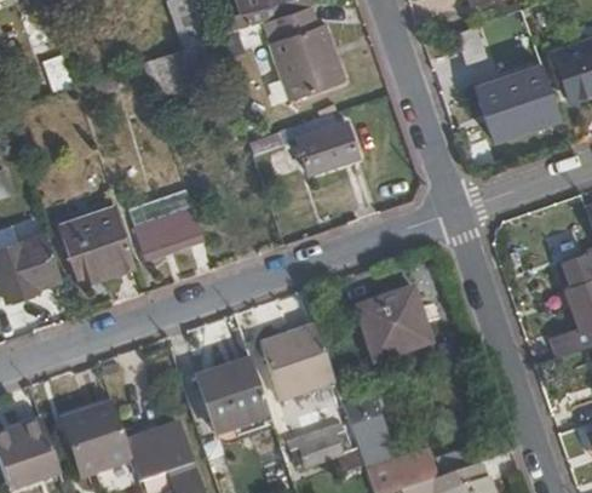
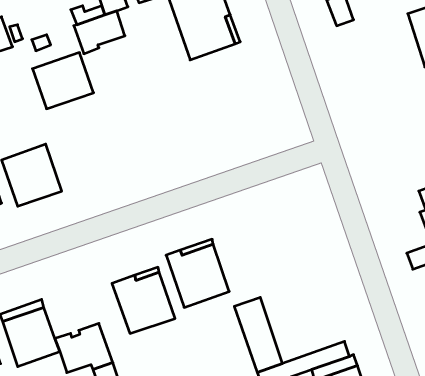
building: [473,64,559,142] -> none
building: [248,114,355,176] -> none
building: [130,193,203,260] -> [32,53,94,109]
building: [357,290,430,361] -> none
building: [288,425,364,480] -> none

